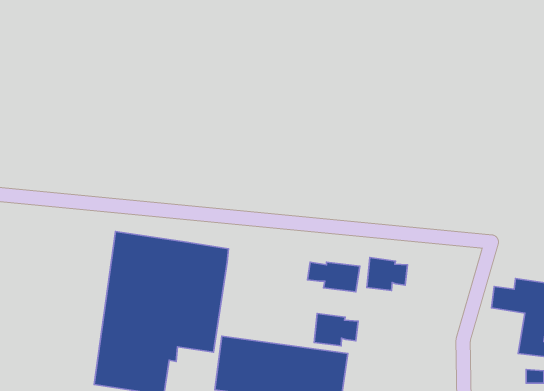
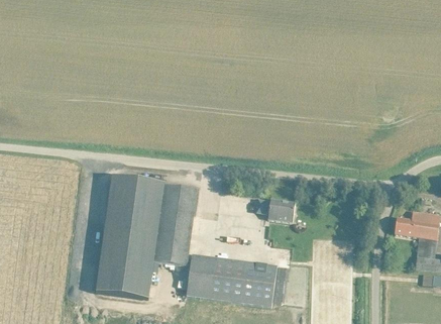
building: [367,258,407,290] -> none
building: [314,313,358,346] -> none

